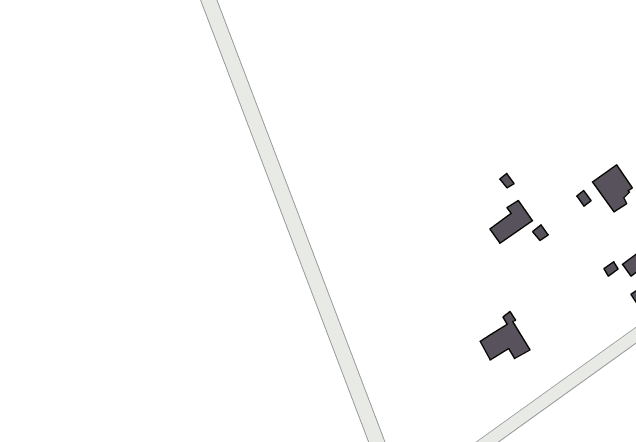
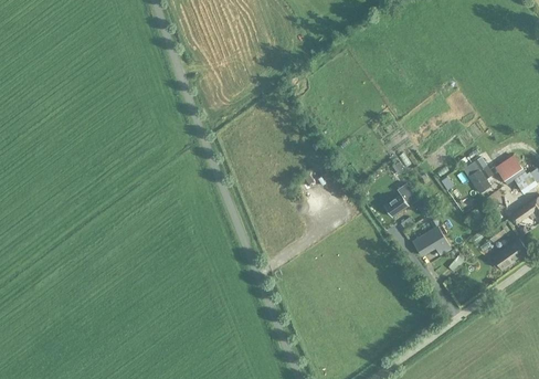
building: [480,312,530,360] -> [411,218,450,255]

